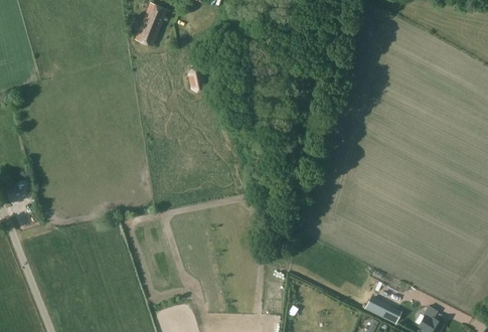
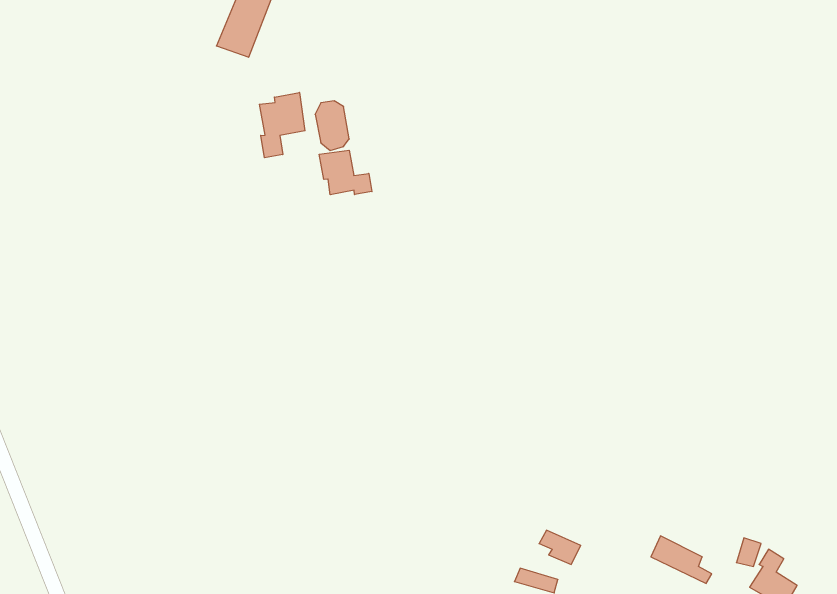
building: none -> [259,92,305,158]
building: none -> [319,150,372,195]

